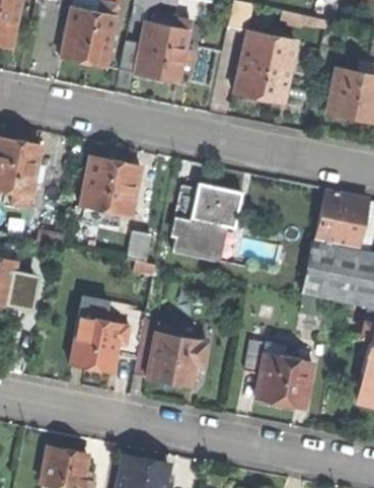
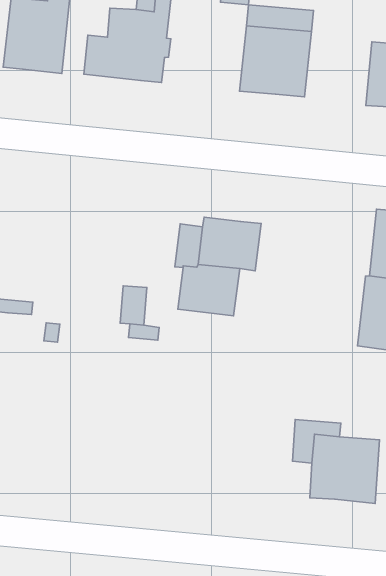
building: [82,156,140,214] -> none
building: [71,304,131,369] -> none
building: [135,317,210,385] -> none

